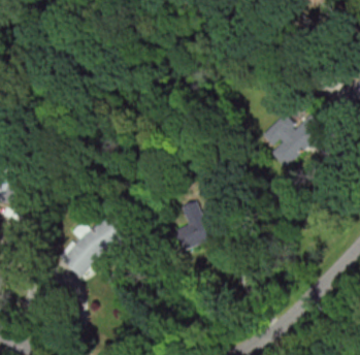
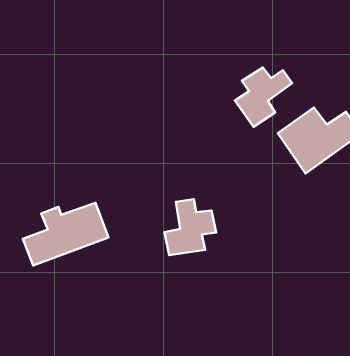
building: none -> [235,67,292,127]

